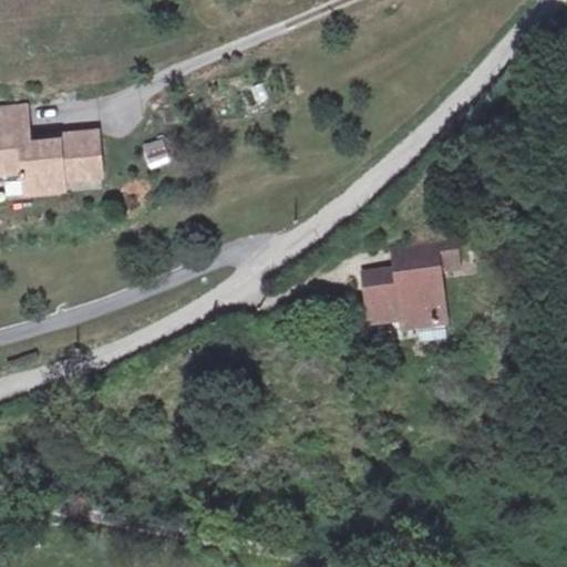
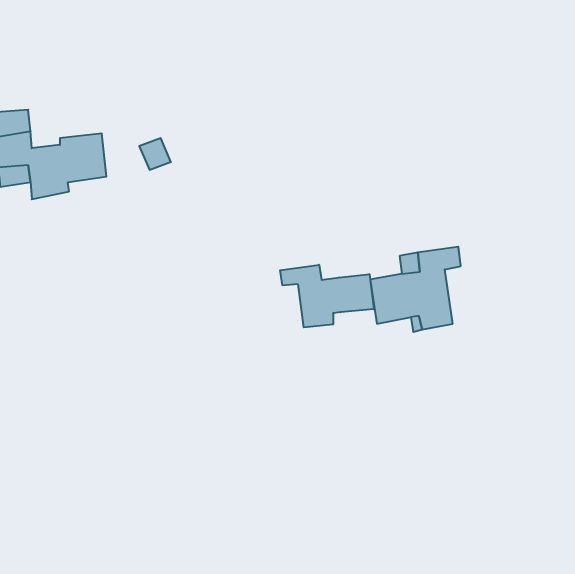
building: none -> [280,265,374,327]

